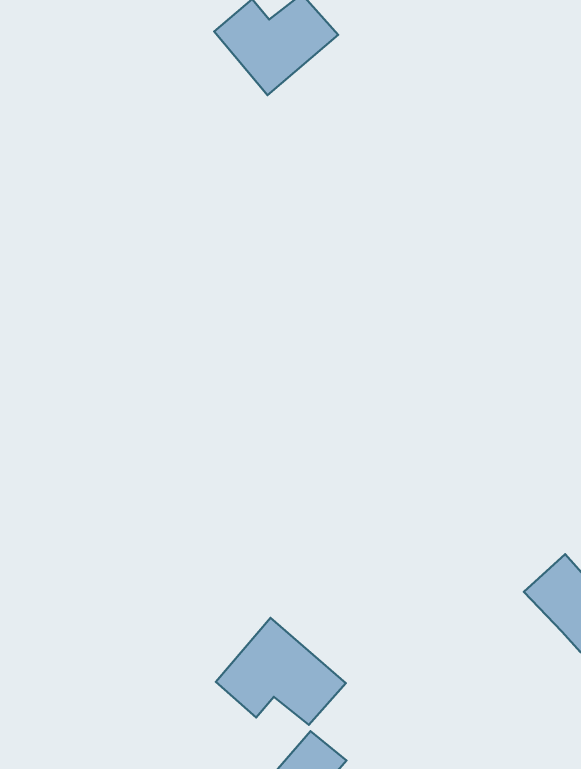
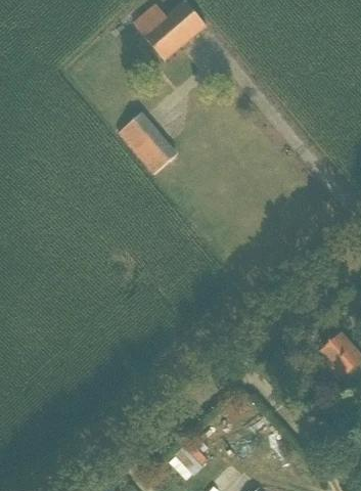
building: none -> [119,113,177,173]
building: [216,618,346,725] -> none

